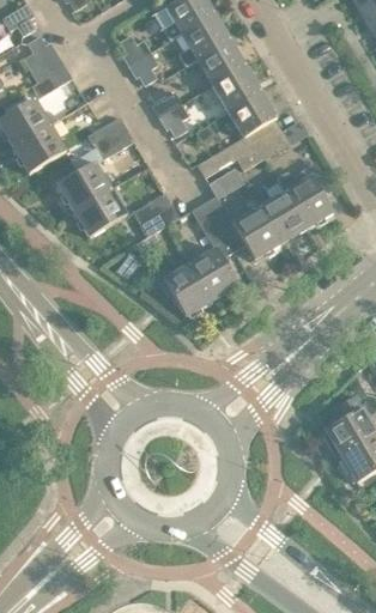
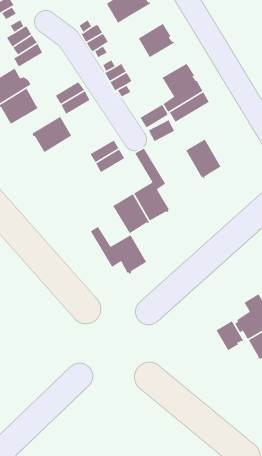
building: [178,13,230,65] -> none
building: [212,65,261,110] -> none
building: [277,164,333,229] -> none
building: [72,187,126,236] -> none
building: [205,195,280,260] -> [90,226,147,275]
building: none -> [216,320,244,351]

